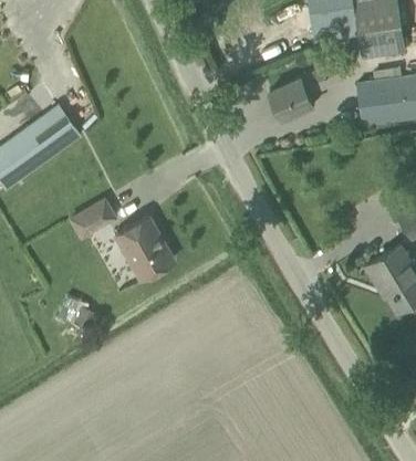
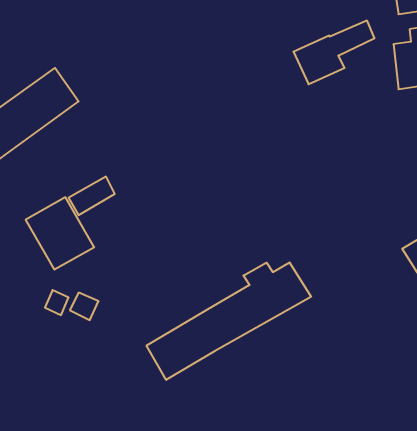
building: [112,217,173,281] -> [26,197,94,270]
building: none -> [147,262,311,380]

